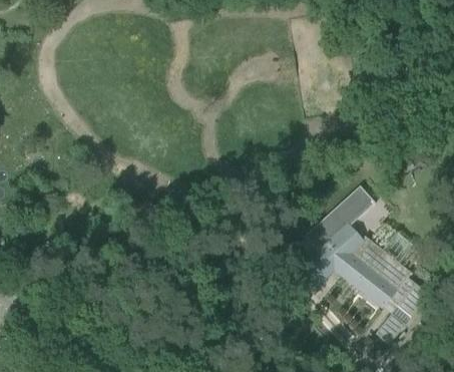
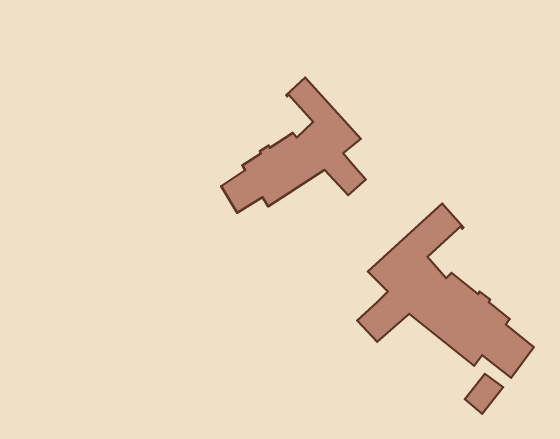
building: none -> [221,78,366,213]

